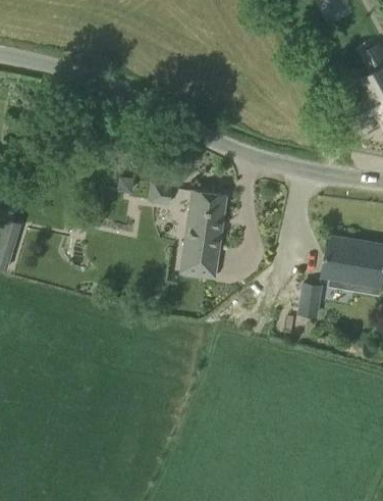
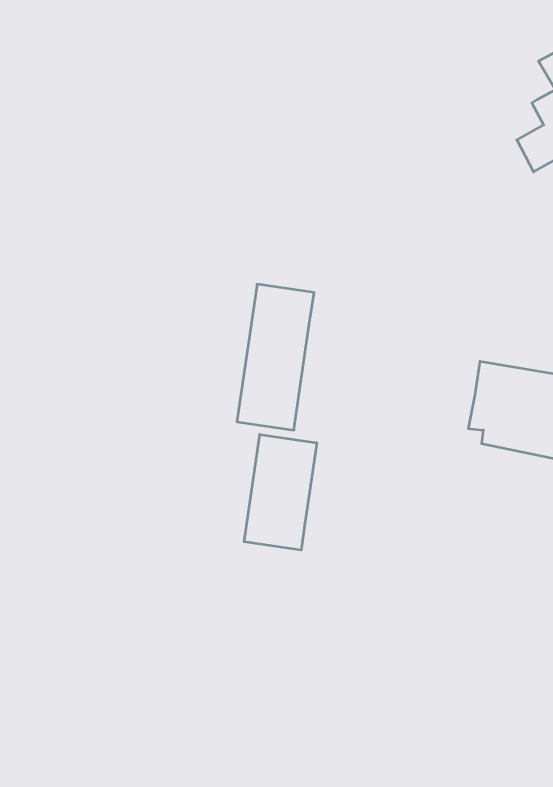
building: none -> [244,434,317,550]
building: [299,283,322,317] -> none

